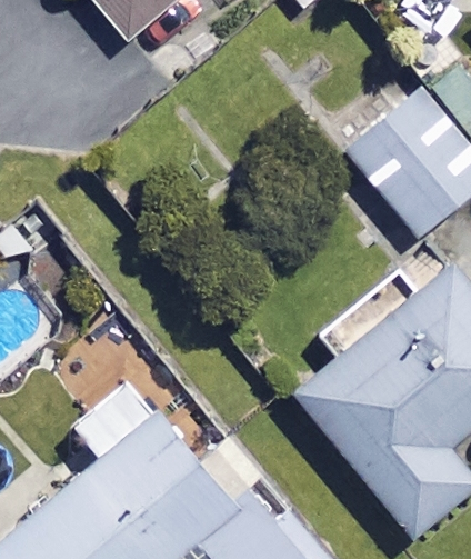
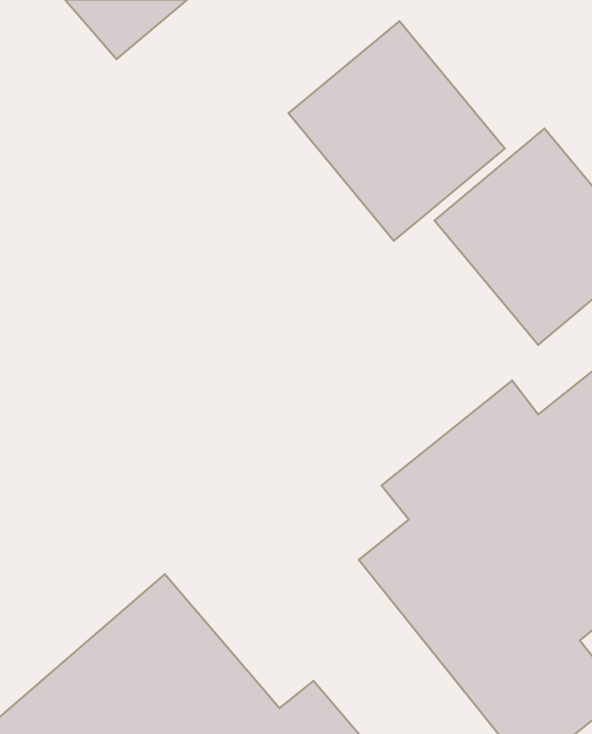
building: none -> [289,21,505,241]

